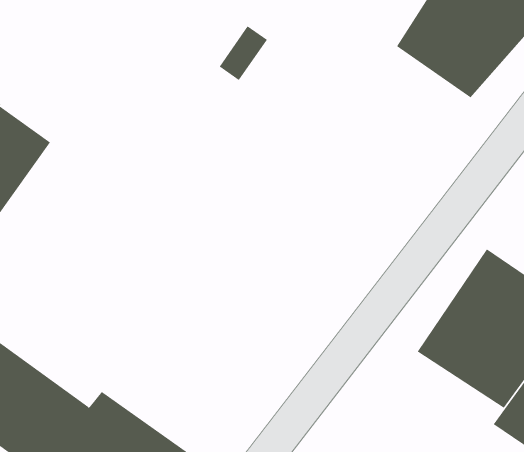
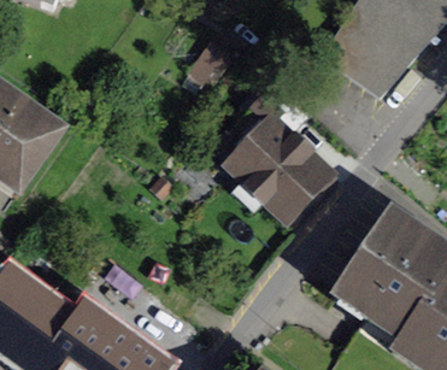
building: none -> [236,114,339,216]

